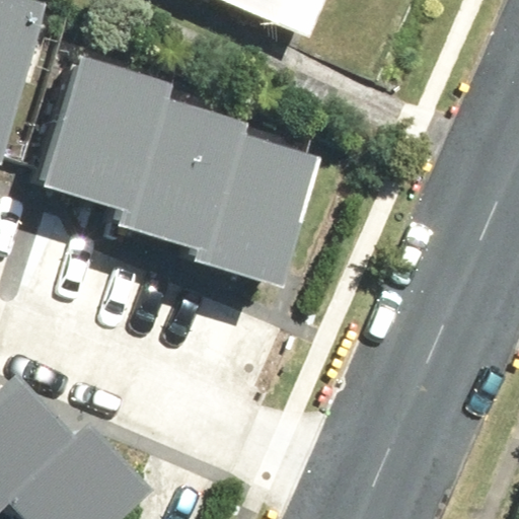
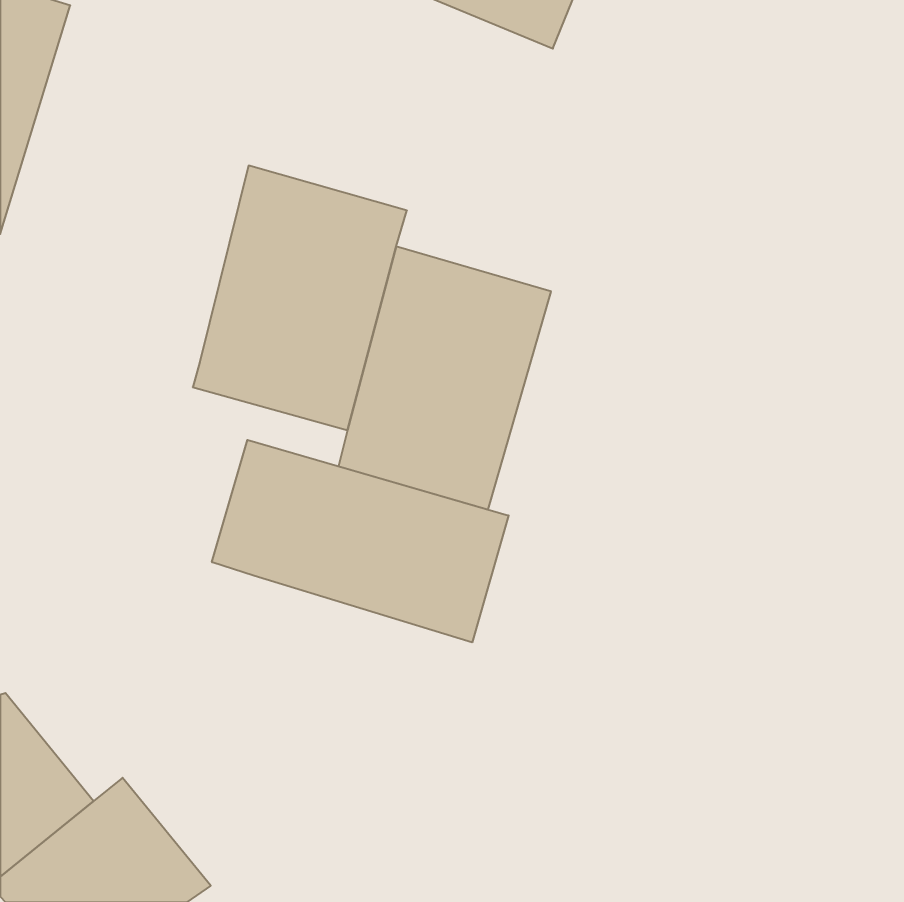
building: [32,56,153,204] -> none
building: none -> [212,440,509,642]

